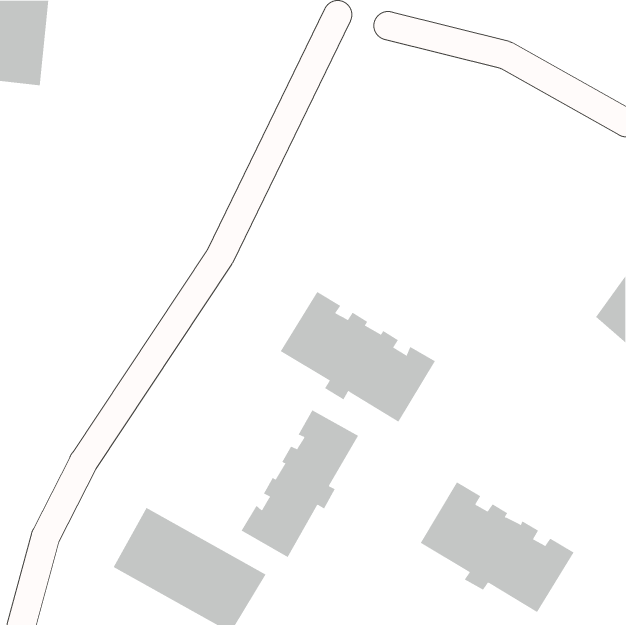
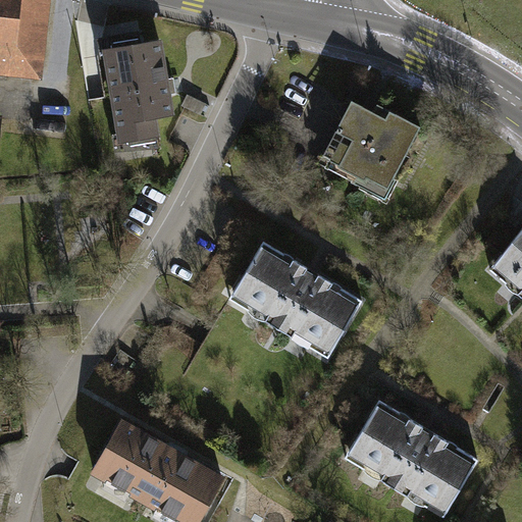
building: none -> [107,41,175,147]
building: none -> [323,104,420,190]
building: [241,409,359,558] -> none

